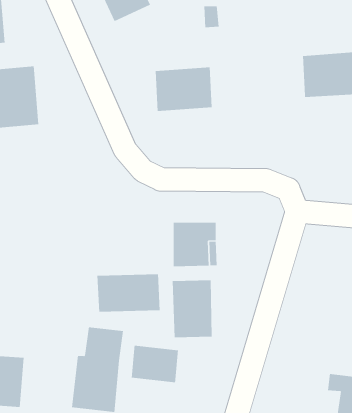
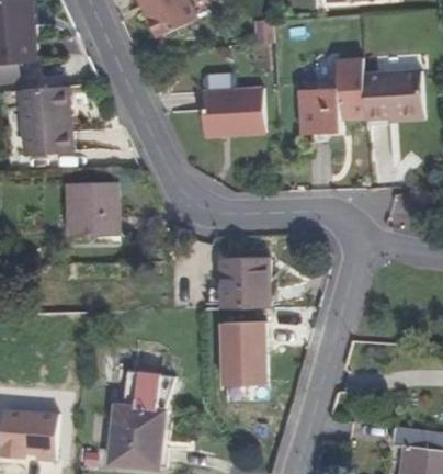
building: none -> [298,58,365,134]
building: none -> [69,181,117,236]
building: [97,274,160,313] -> none
building: [131,345,179,383] -> none

